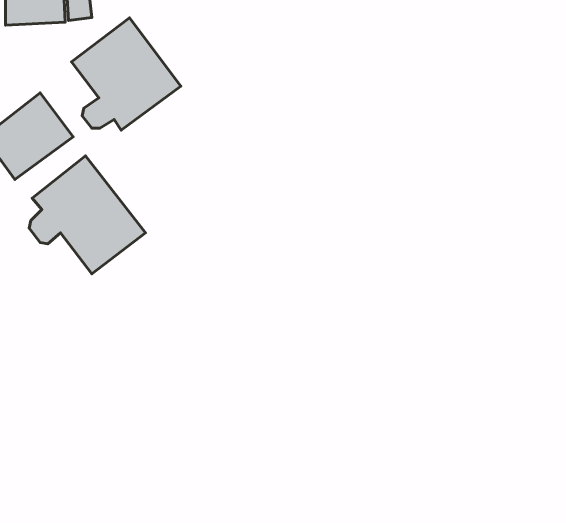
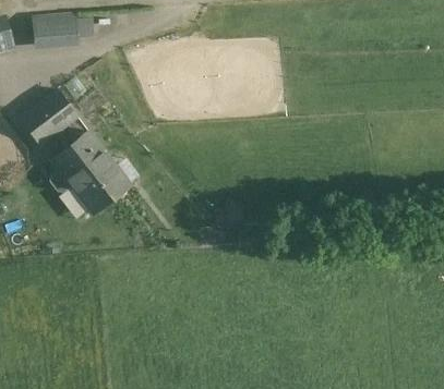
building: [71,18,181,130] -> none

